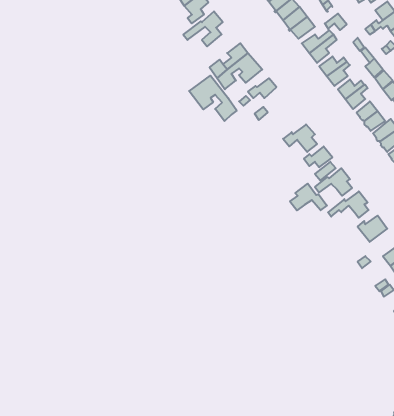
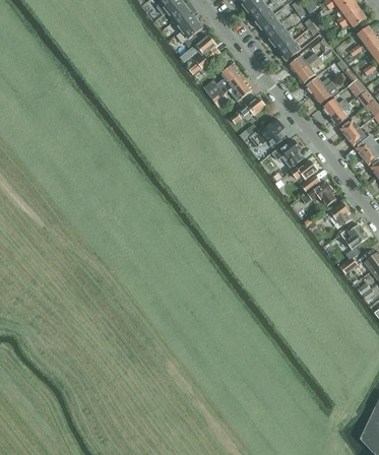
building: [189,76,237,121] -> none
building: none -> [255,117,285,146]
building: [290,184,327,210] -> none

